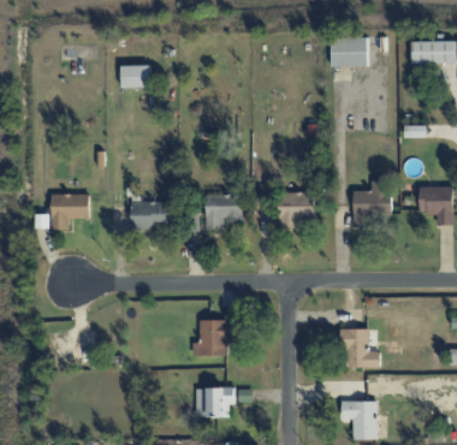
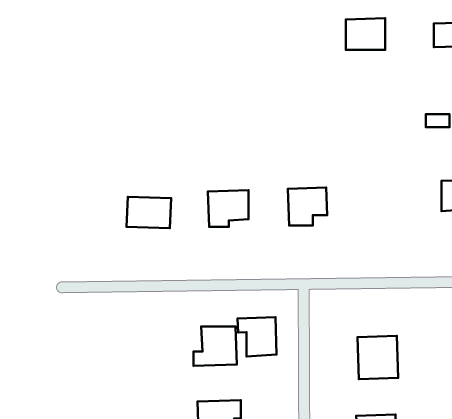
building: [120,65,150,88] -> none
building: [352,180,388,227] -> none
building: [51,194,89,230] -> none
building: none -> [237,317,276,357]

